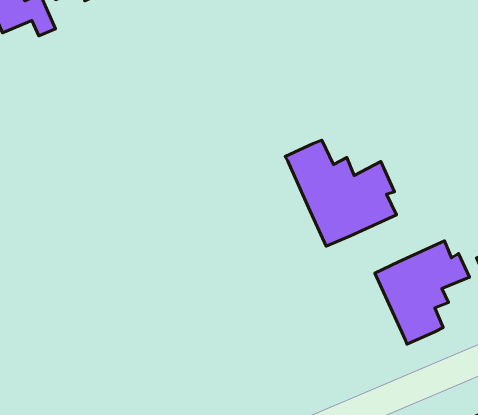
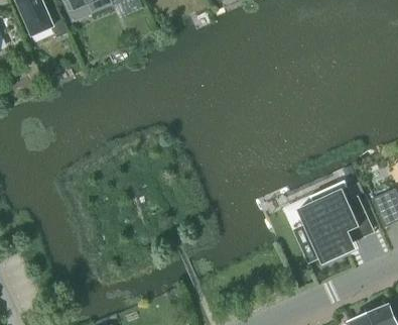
building: [285,140,396,246] -> none

